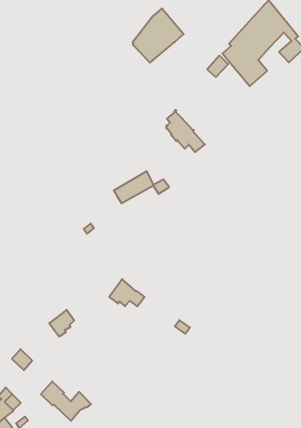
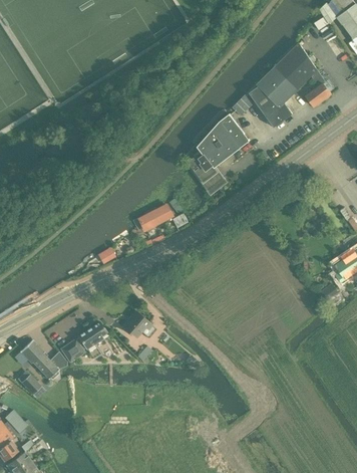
building: [133,8,184,63] -> [199,113,250,167]
building: none -> [78,322,106,349]
building: [41,381,91,421] -> [20,339,69,380]

